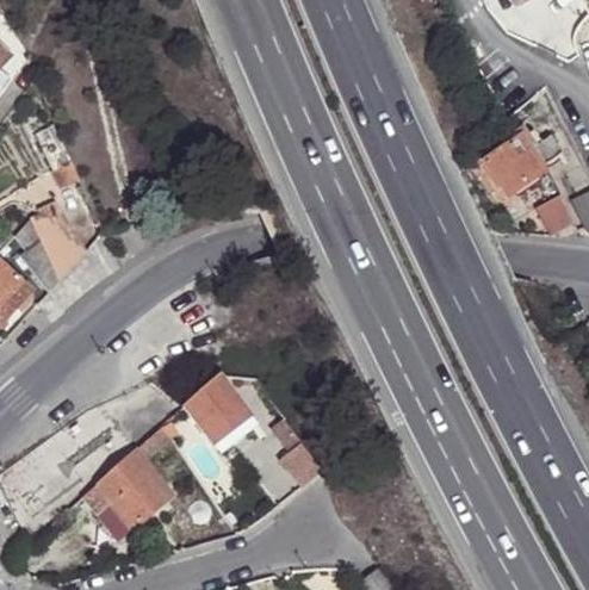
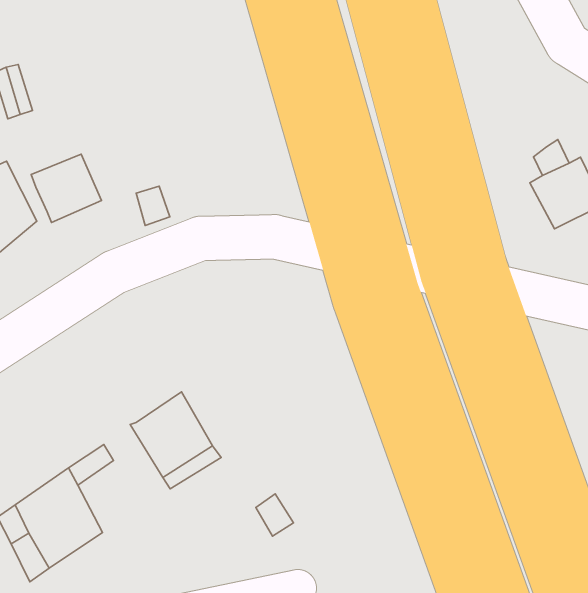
building: none -> [31,154,101,223]

